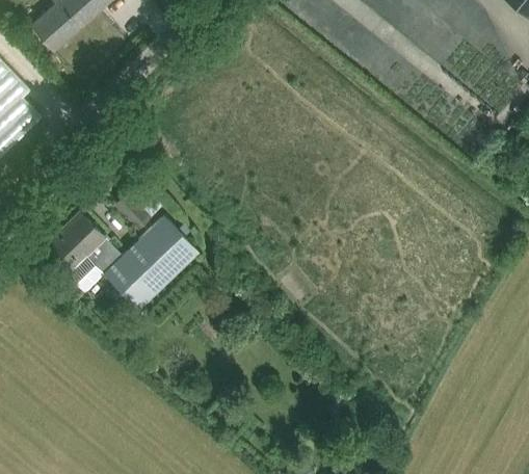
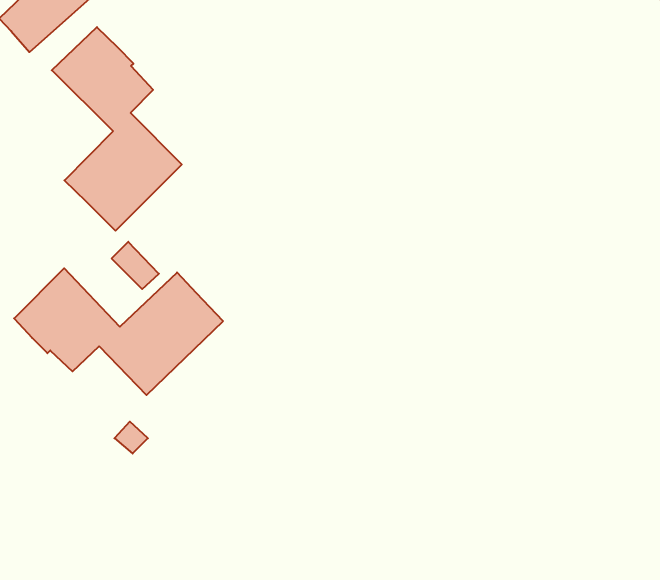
building: none -> [52,27,182,231]

